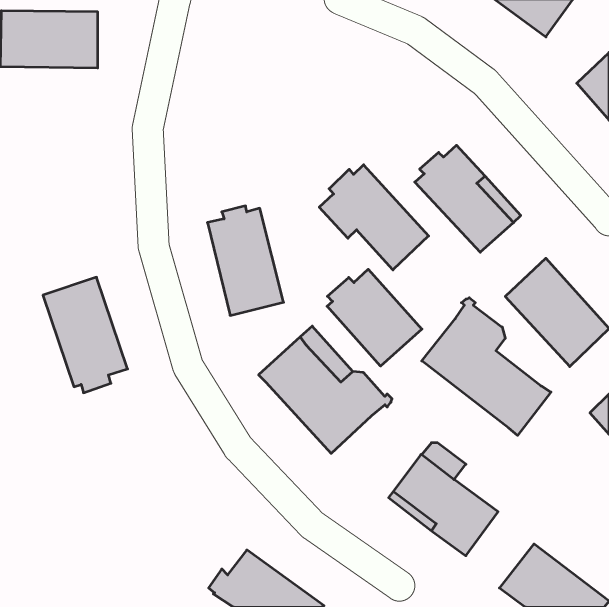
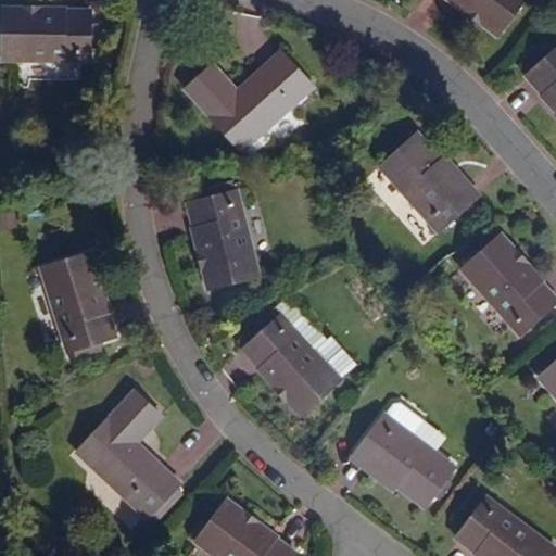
building: none -> [184,52,313,153]
building: [319,165,429,270] -> none
building: [327,269,422,366] -> none
building: [422,298,551,435] -> none
building: none -> [77,392,179,518]

